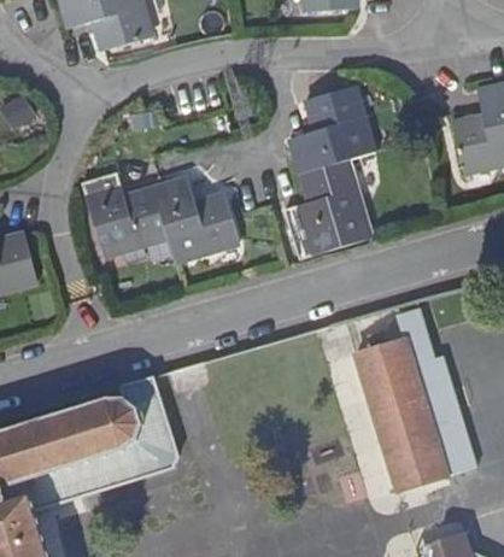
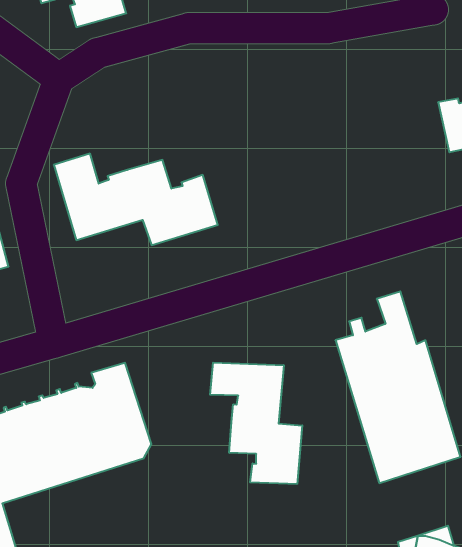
building: [286,88,374,259] -> none
building: none -> [210,363,302,484]

